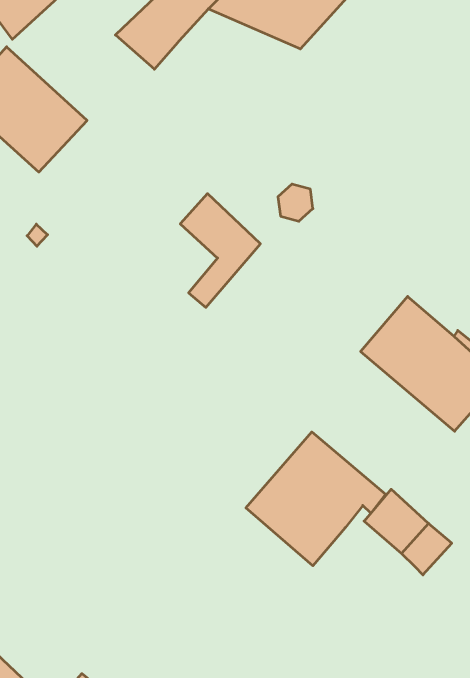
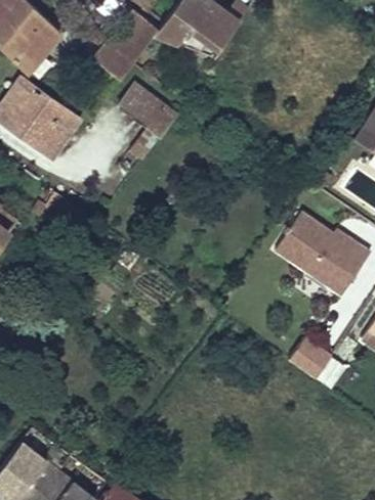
building: [180,194,260,307] -> [121,87,174,161]
building: [246,432,386,566] -> none

